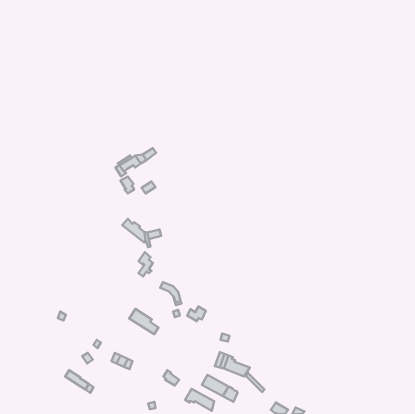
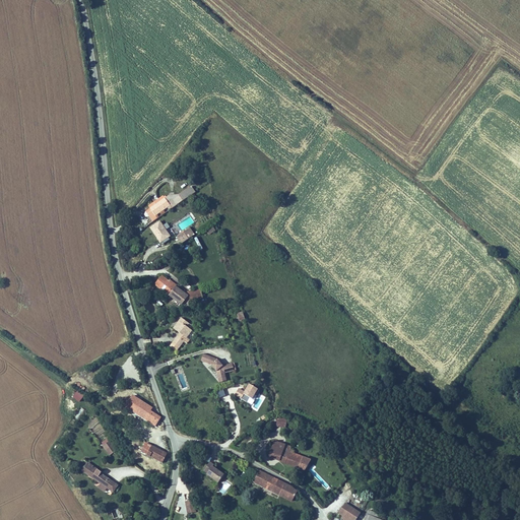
building: [129,309,158,334] -> [124,393,160,425]
building: [185,389,214,411] -> none

